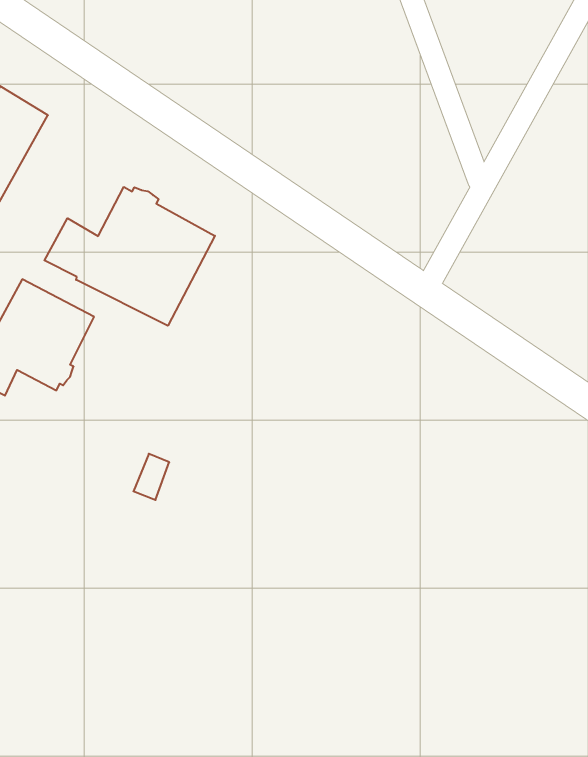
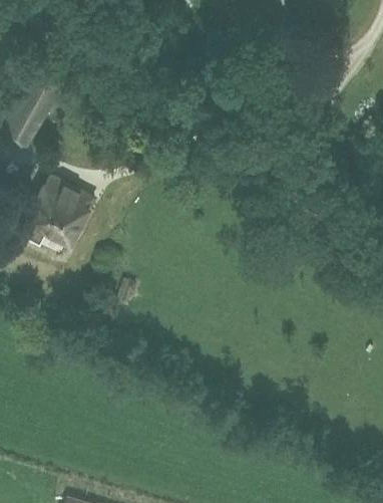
building: [44,187,215,326] -> none

